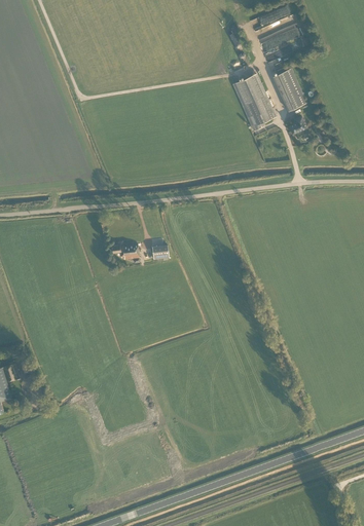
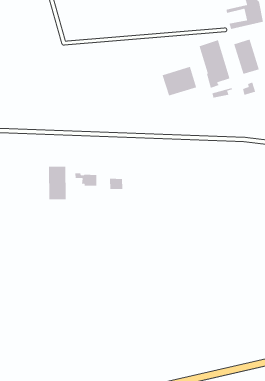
building: none -> [162,66,197,97]
building: none -> [48,166,66,200]

